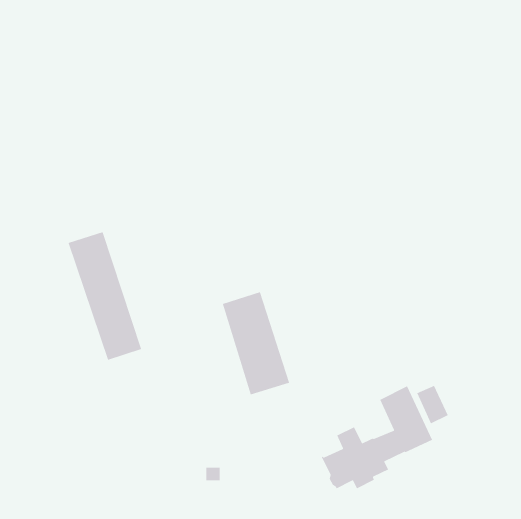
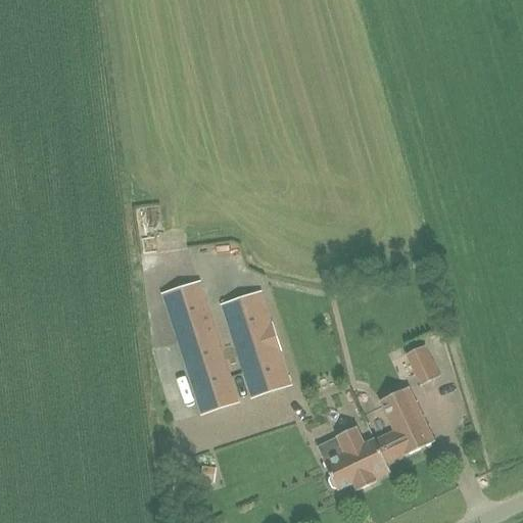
building: [68,231,142,361] -> [162,282,237,412]
building: [416,385,449,425] -> [406,344,438,384]

